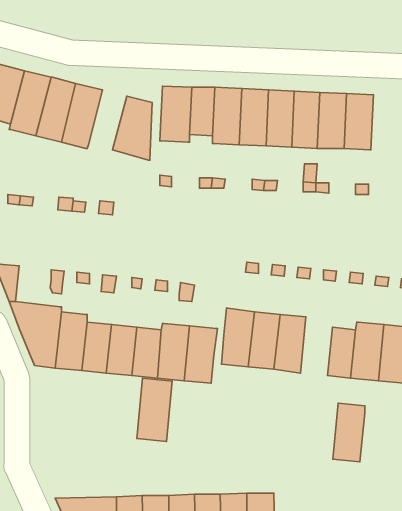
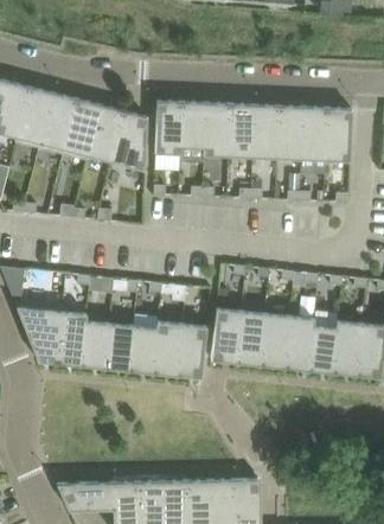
building: none -> [88,104,123,160]
building: [137,378,172,441] -> none
building: [333,403,365,462] -> [284,315,314,370]

